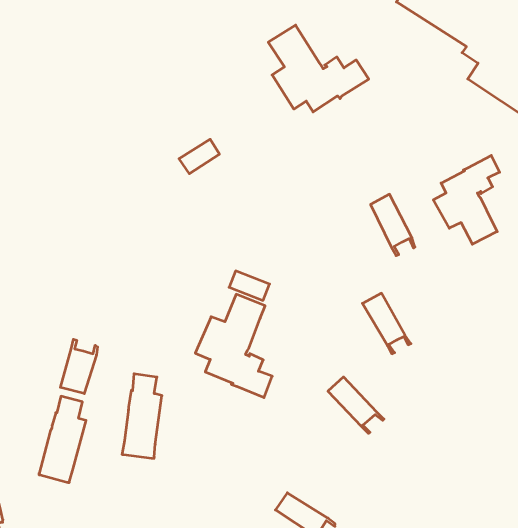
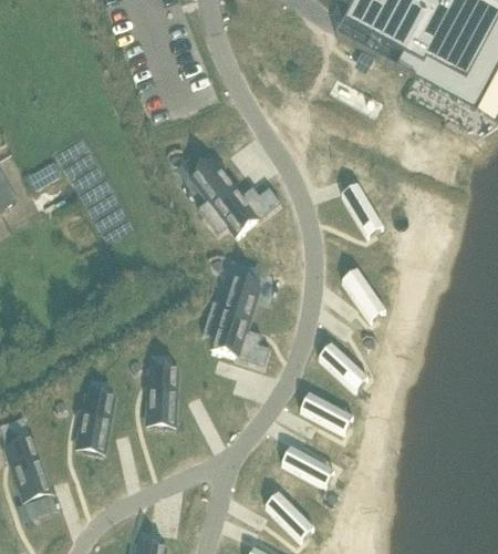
building: [268,25,369,112] -> [191,162,280,235]
building: [433,155,500,244] -> none
building: [60,339,98,394] -> none
building: none -> [300,391,352,431]

